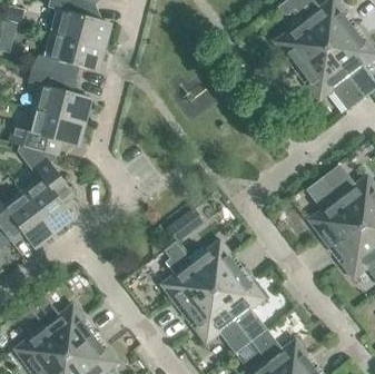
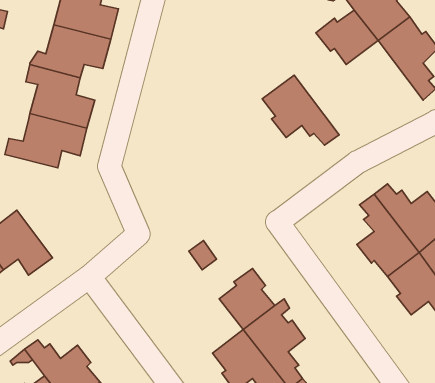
building: [299,49,364,108] -> [262,75,339,145]
building: [22,160,73,232] -> none
building: [161,243,213,312] -> none

